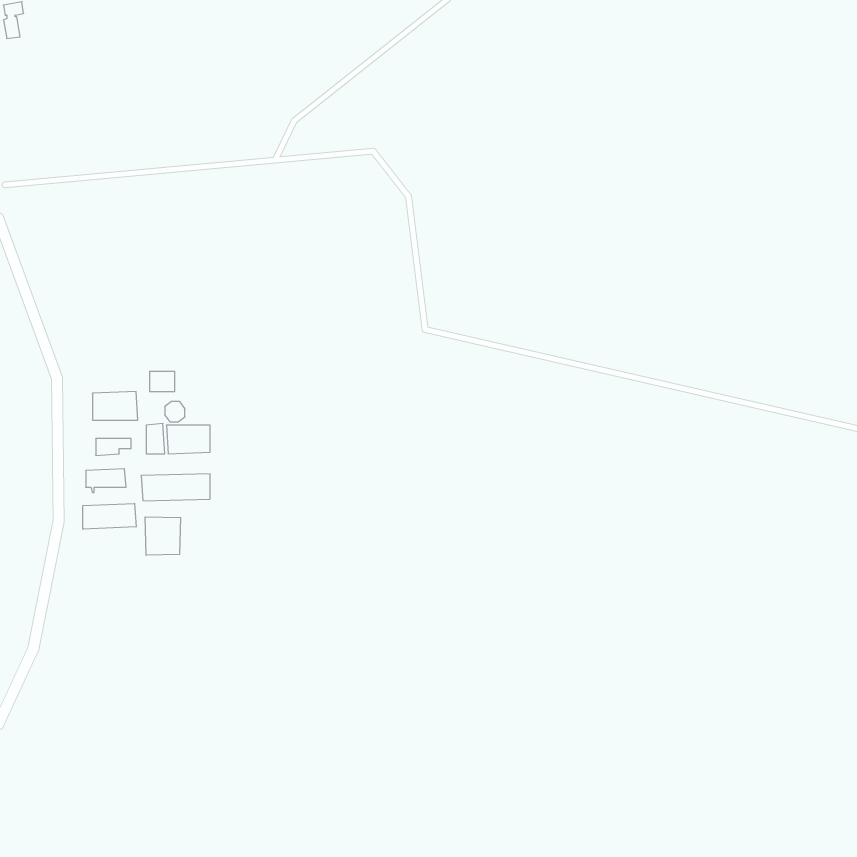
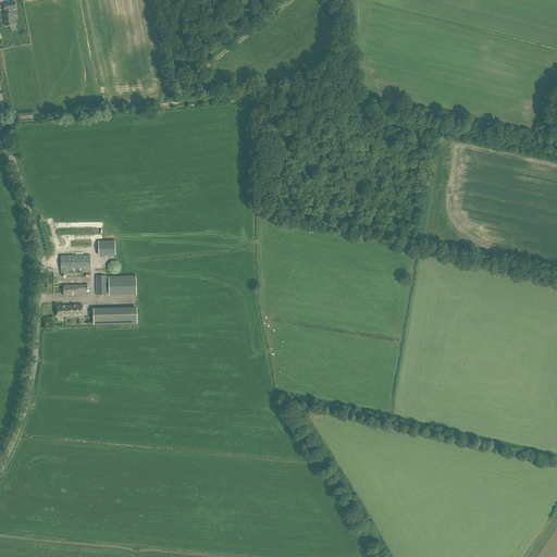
building: [83,503,136,529] -> none
building: [145,517,181,555] -> none

